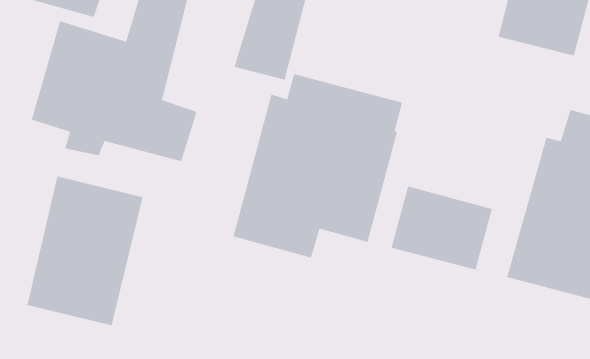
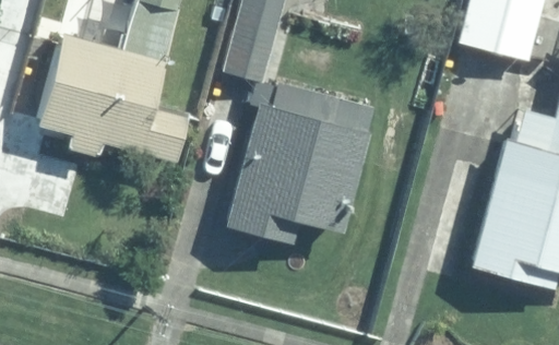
building: [27,175,144,326] -> none
building: [391,186,493,270] -> none

